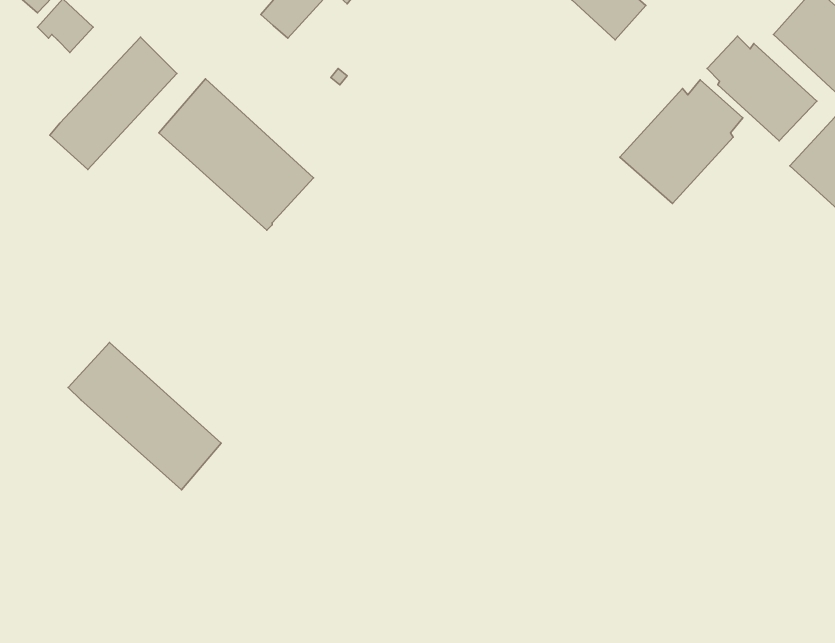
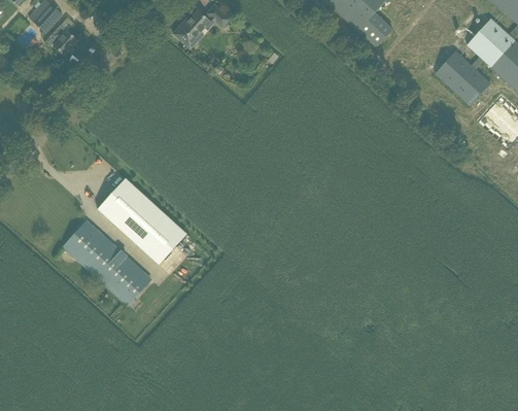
building: [50,37,177,170] -> none
building: [159,79,314,230] -> [98,177,186,264]
building: [620,80,743,204] -> none

